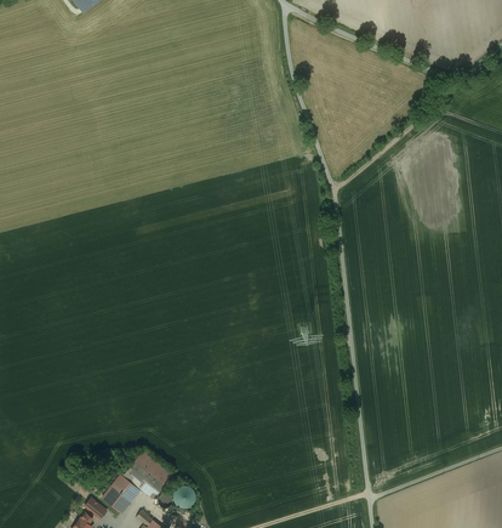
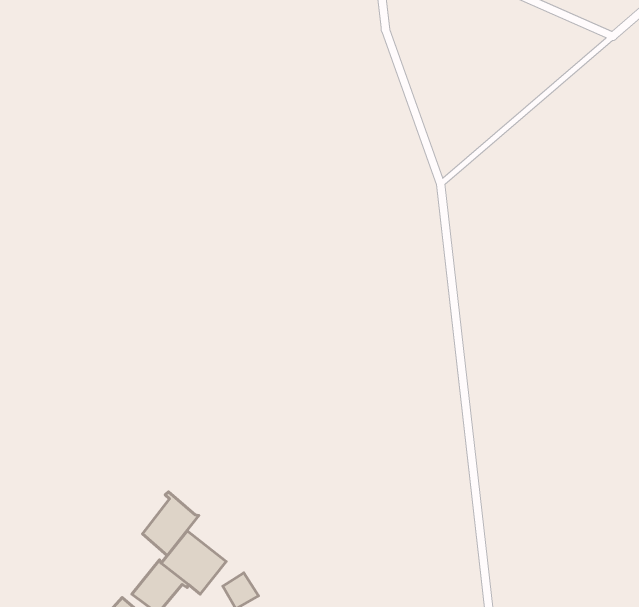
building: none -> [142,492,199,555]

